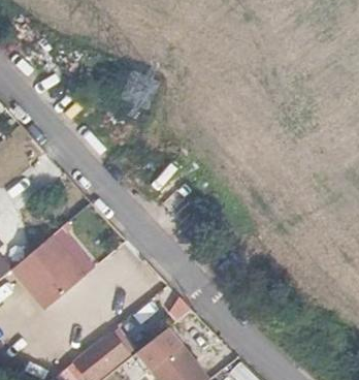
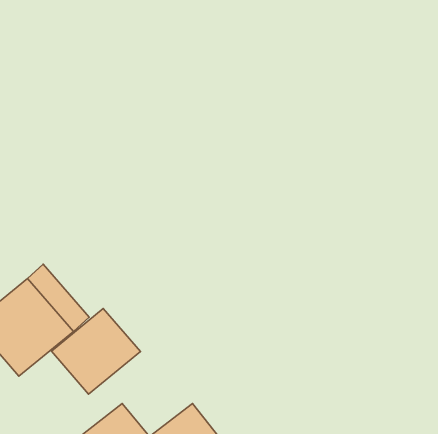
building: none -> [51,309,140,394]

